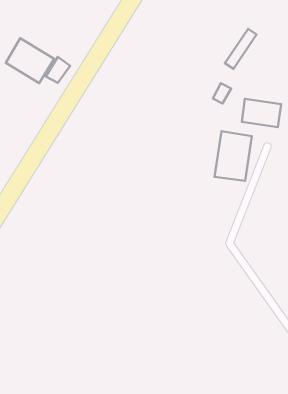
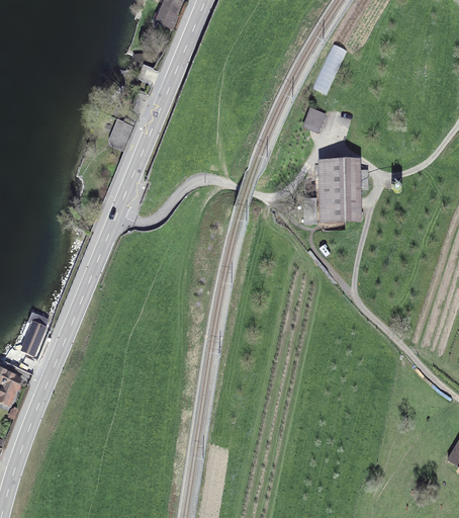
building: [6,38,54,83] -> none
building: [242,99,281,127] -> none

